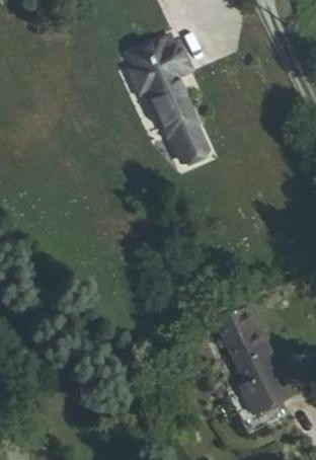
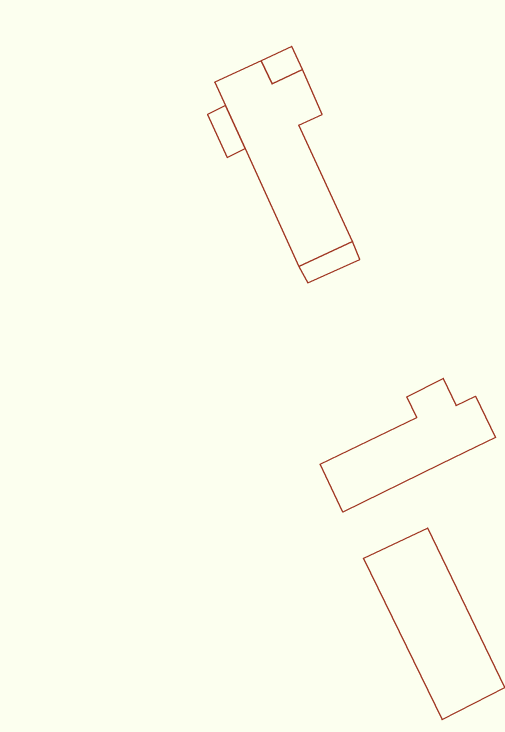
building: none -> [320,378,495,512]

